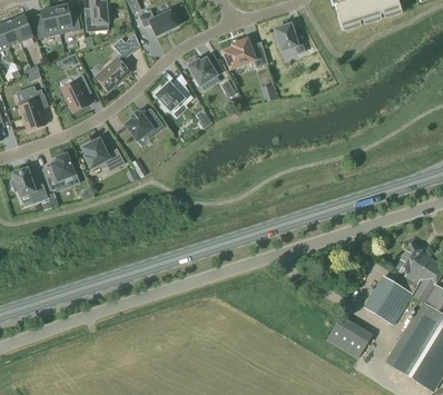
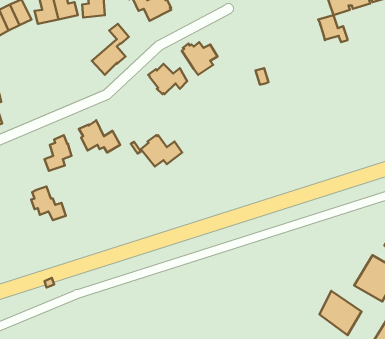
building: [274,23,304,51] -> [318,15,348,42]
building: [223,38,267,69] -> none
building: [59,73,91,113] -> none
building: [17,92,48,130] -> none
building: [121,108,164,140] -> [141,135,182,166]
building: [11,167,47,201] -> [31,187,66,220]

